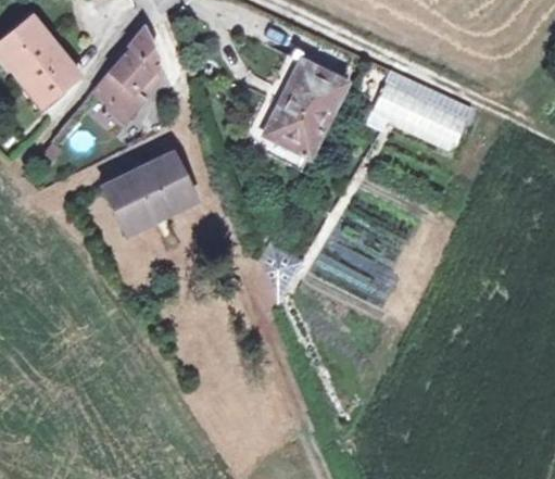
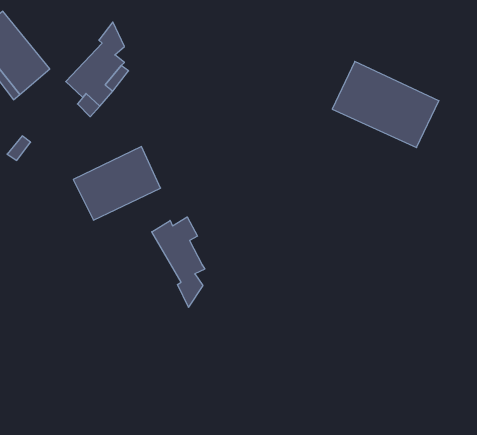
building: [247,53,346,168] -> none
building: none -> [152,217,205,307]

